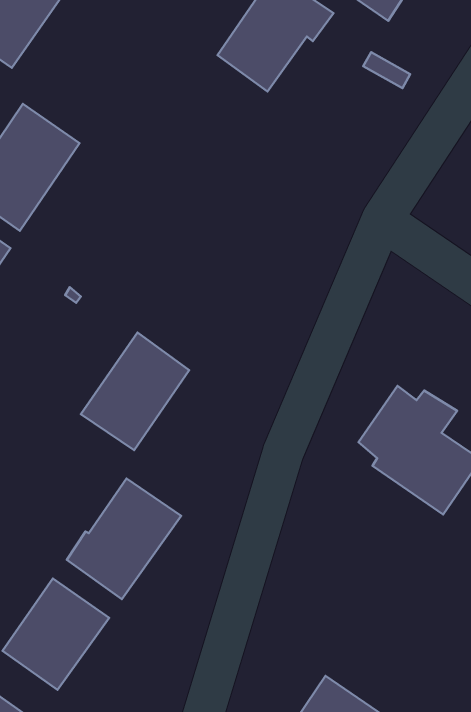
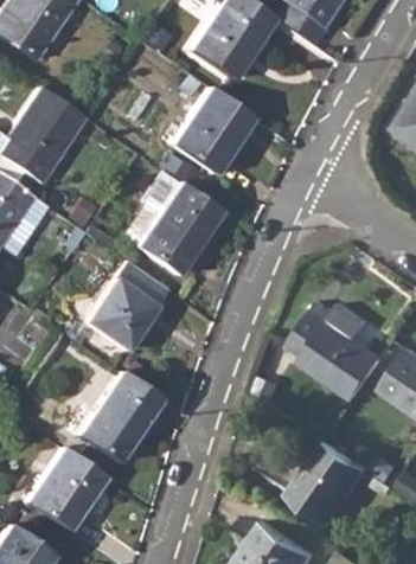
building: none -> [173,89,254,173]
building: none -> [139,173,223,275]
building: none -> [296,440,375,523]

